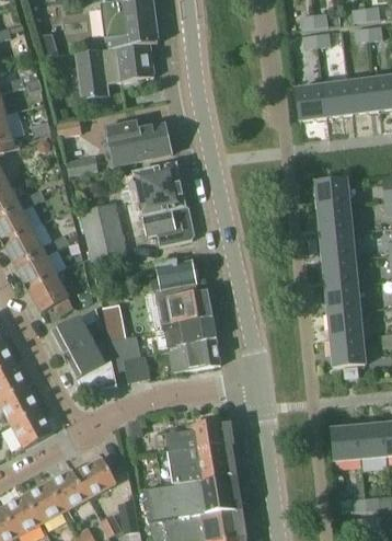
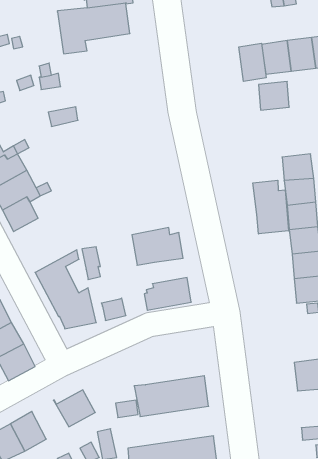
building: none -> [239,43,266,81]
building: [106,119,172,165] -> none
building: [132,162,194,245] -> none
building: [315,177,348,208] -> [259,82,289,110]
building: [81,205,128,266] -> none
building: none -> [253,180,288,234]
building: [150,258,196,291] -> none
building: [30,274,74,314] -> none
building: [164,316,216,350] -> none
building: [109,333,143,370] -> none
building: [168,421,234,452] -> none
building: [49,469,89,510] -> none
building: [147,475,244,520] -> none

